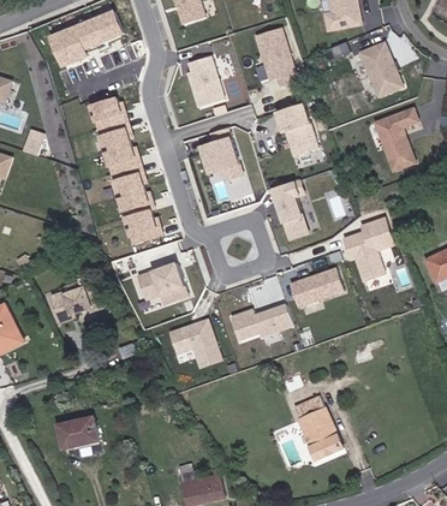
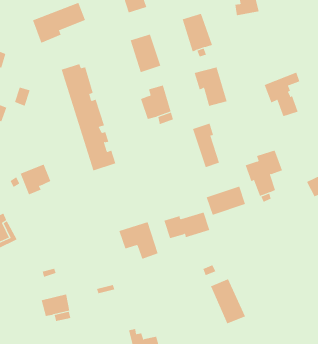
building: [360,42,404,96] -> none
building: [127,256,190,306] -> none
building: [46,281,89,325] -> [20,164,51,195]

